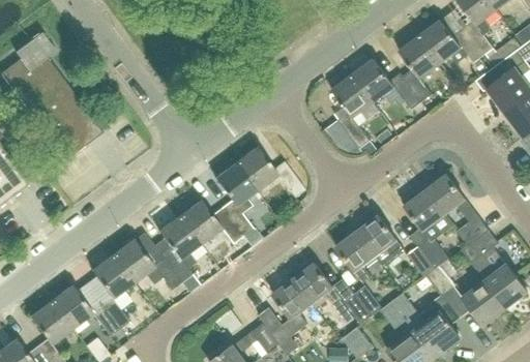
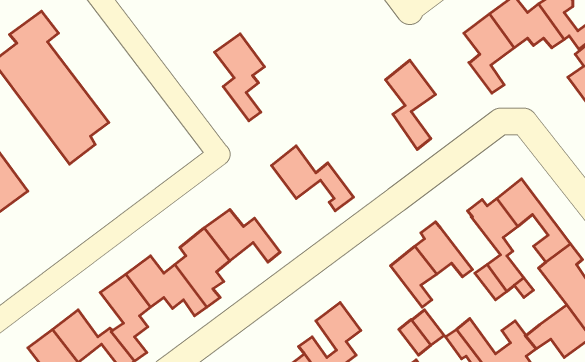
building: [352,58,421,110] -> none
building: [213,162,256,236] -> [214,34,265,121]
building: [293,263,341,306] -> none

